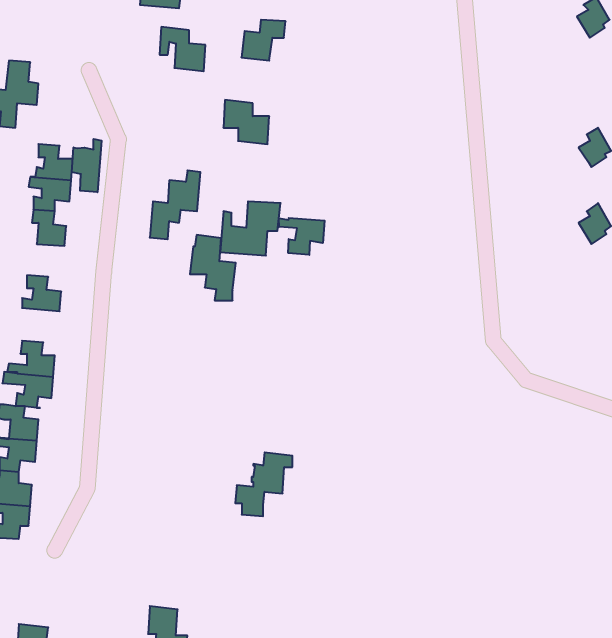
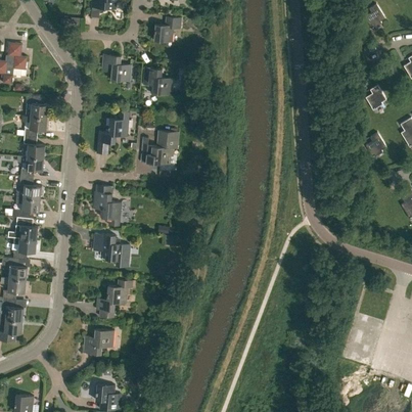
building: [160,27,205,71] -> [102,54,131,82]
building: [72,139,102,192] -> none
building: [279,218,325,255] -> none
building: [190,235,236,300] -> [93,185,122,226]
building: none -> [17,156,44,178]
building: none -> [12,197,41,219]
building: none -> [97,234,130,267]
building: [235,452,292,516] -> [96,278,132,318]
building: none -> [83,329,115,355]

